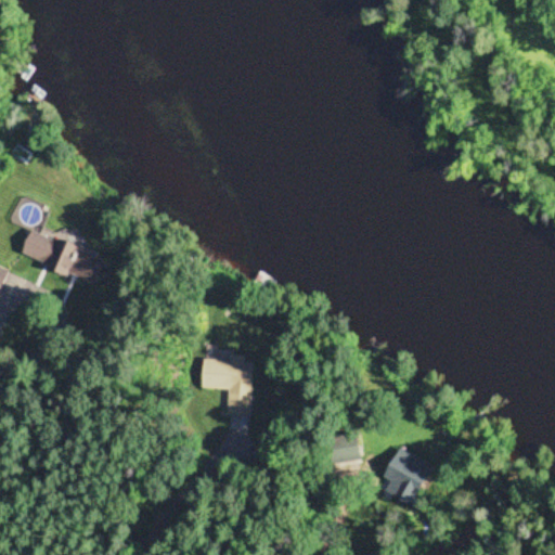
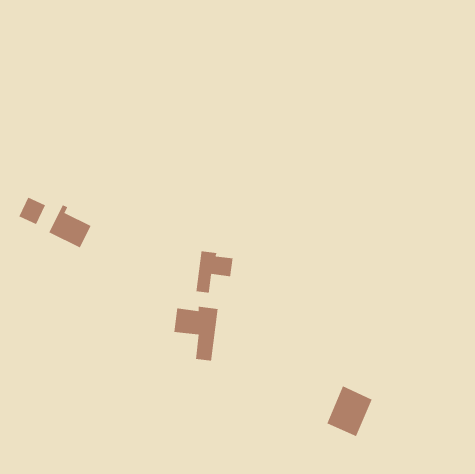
building: none -> [196,251,233,294]
building: [328,431,360,462] -> none

